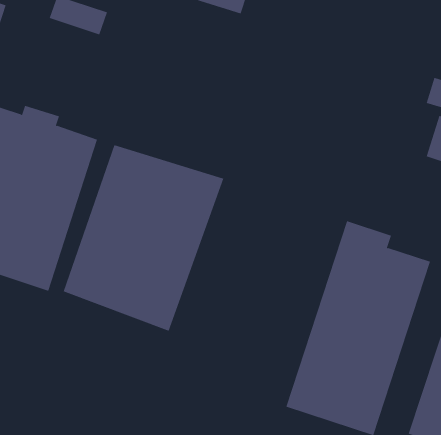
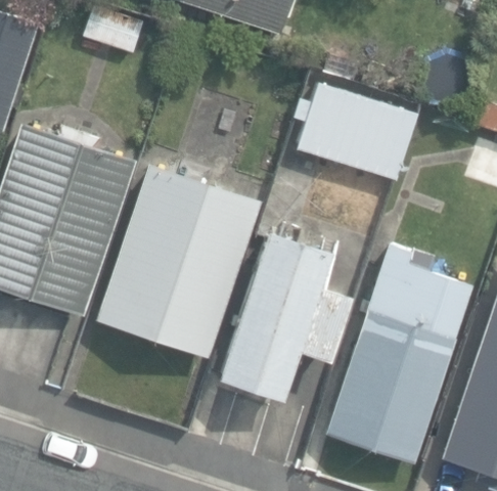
building: none -> [292,81,419,181]
building: none -> [210,232,346,403]

